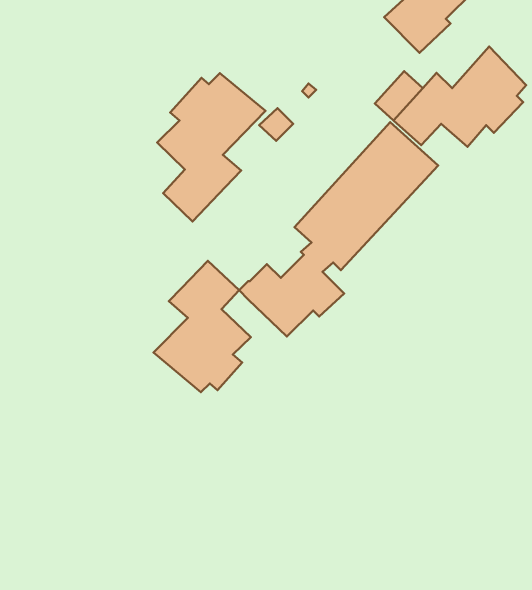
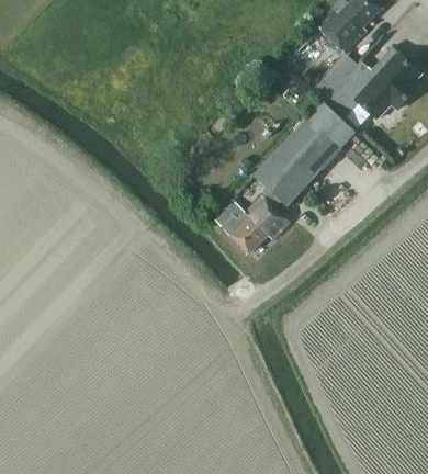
building: [157,73,265,222] -> none
building: [154,261,251,392] -> none

